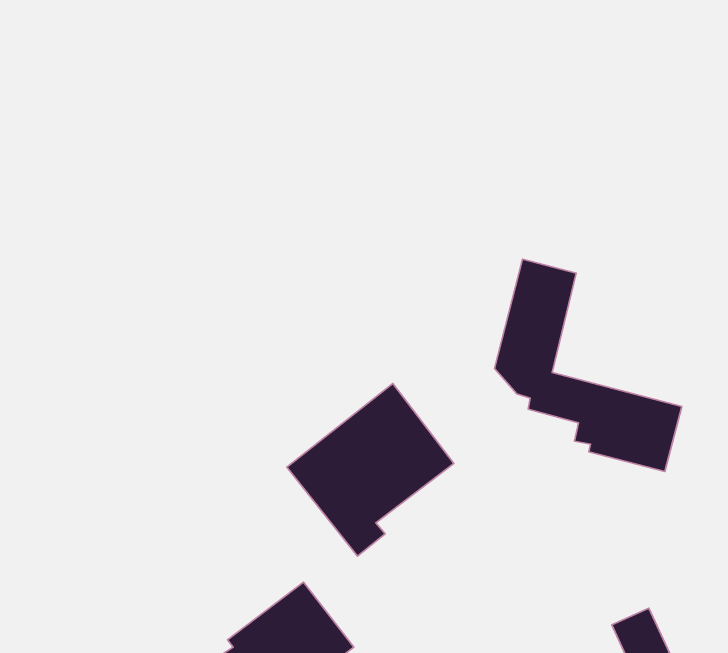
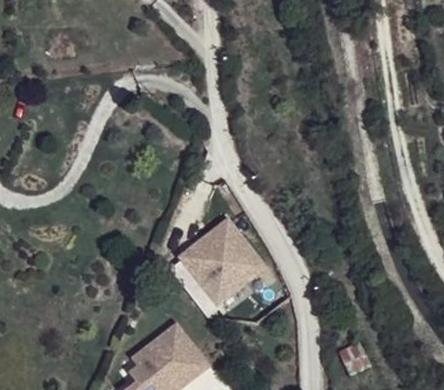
building: [494,259,682,471] -> none

